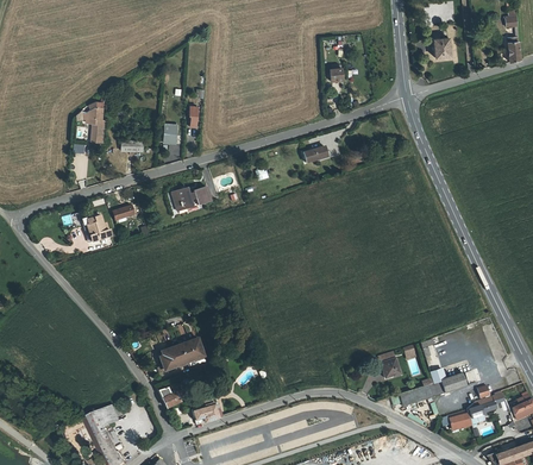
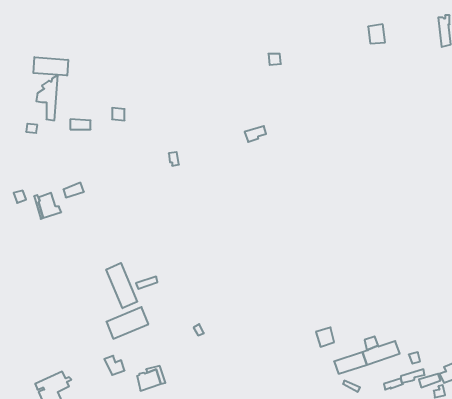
building: none -> [33,57,68,76]
building: [175,188,211,214] -> none
building: none -> [106,263,137,308]

